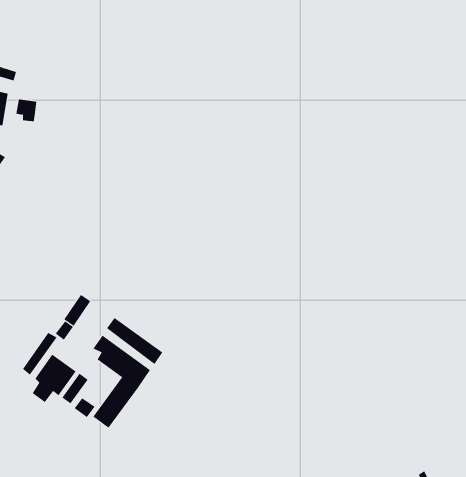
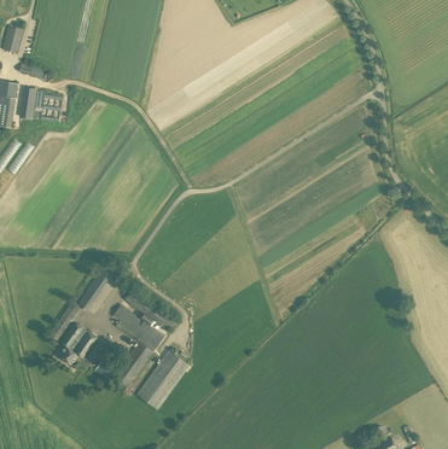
building: none -> [136,350,190,409]

